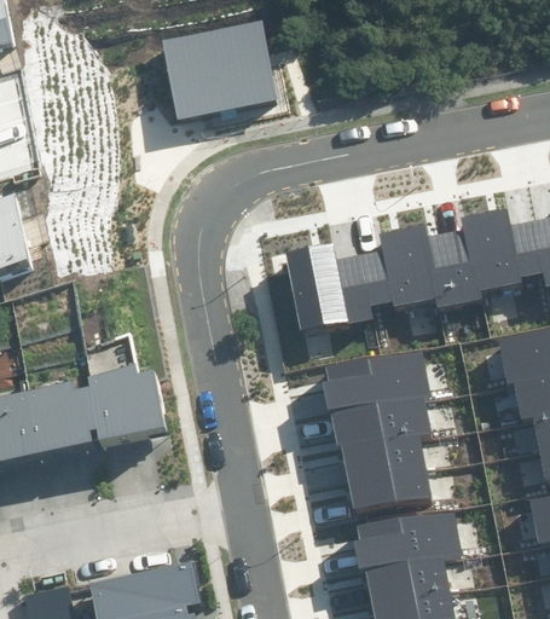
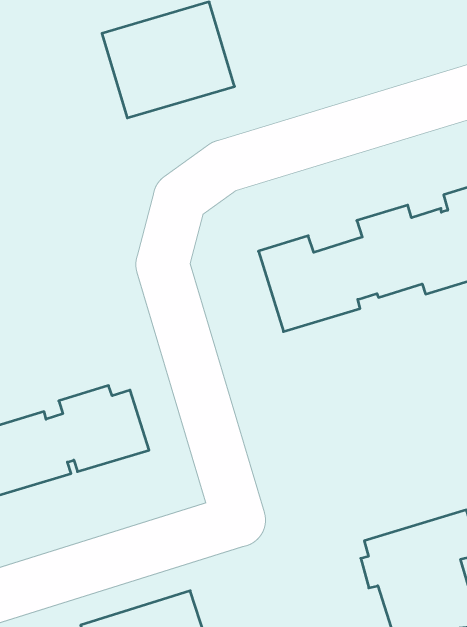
building: [320,348,432,510] -> none

